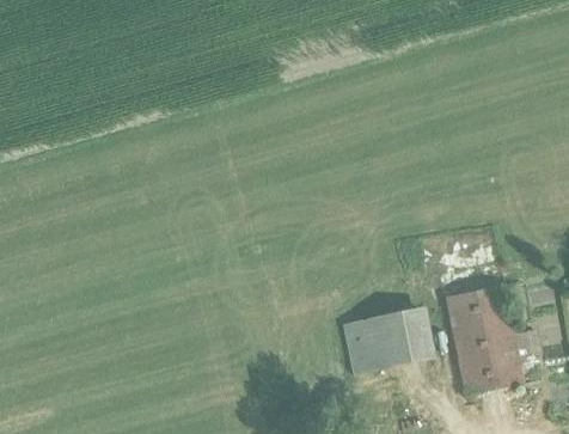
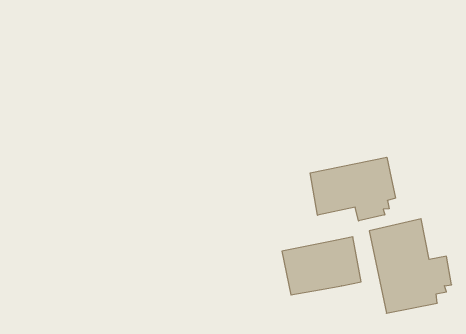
building: none -> [310,157,396,221]

